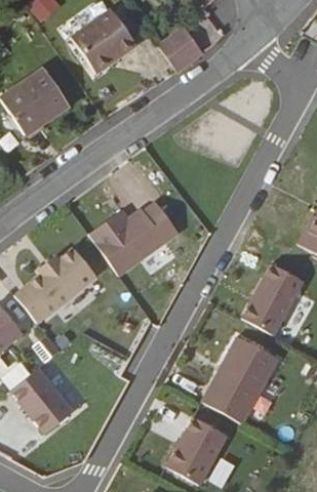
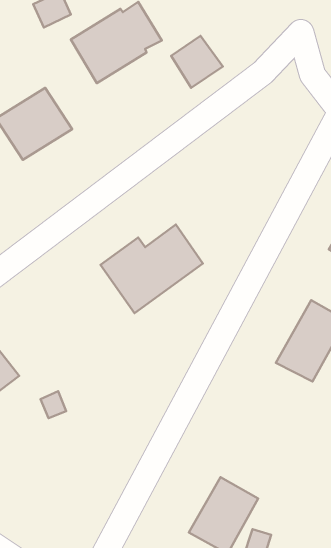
building: [12,243,93,318] -> none
building: [203,336,279,423] -> none
building: [10,367,73,434] -> none

